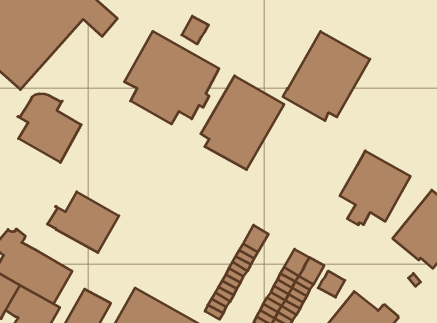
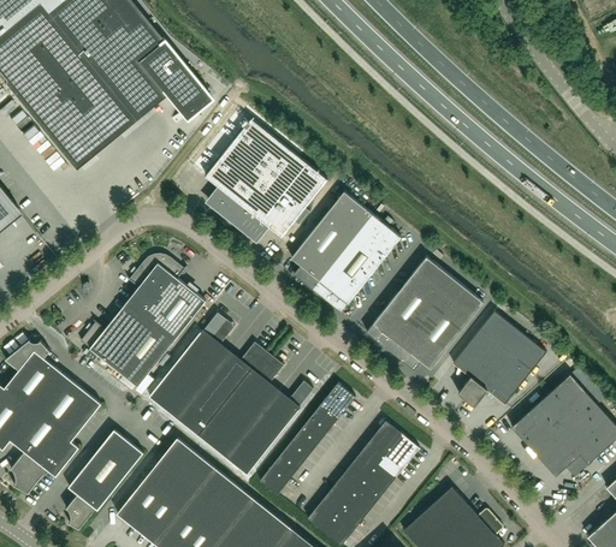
building: [182,16,209,44] -> none
building: [283,31,370,121] -> [366,258,482,371]
building: [18,94,81,163] -> [123,255,205,345]
building: none -> [148,314,313,475]
building: [318,271,345,297] -> none

